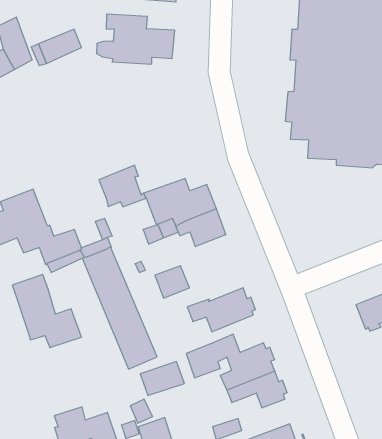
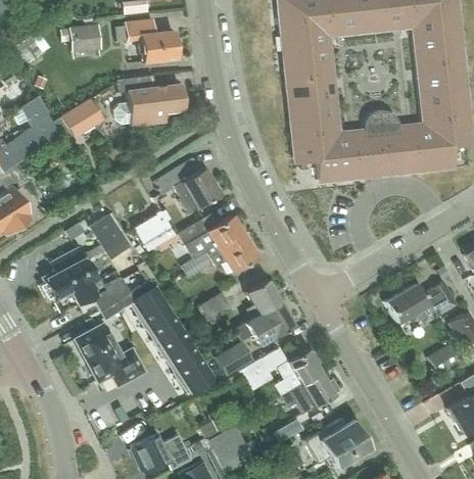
building: none -> [156,159,222,214]
building: none -> [92,214,131,258]
building: none -> [247,281,282,321]
building: [140,362,184,396] -> [214,342,254,377]

